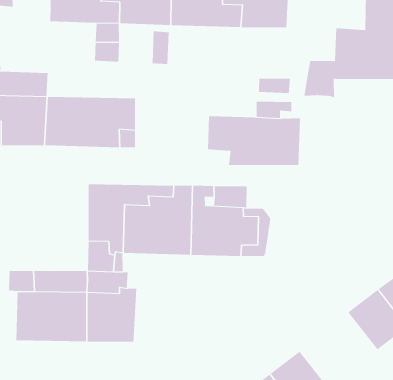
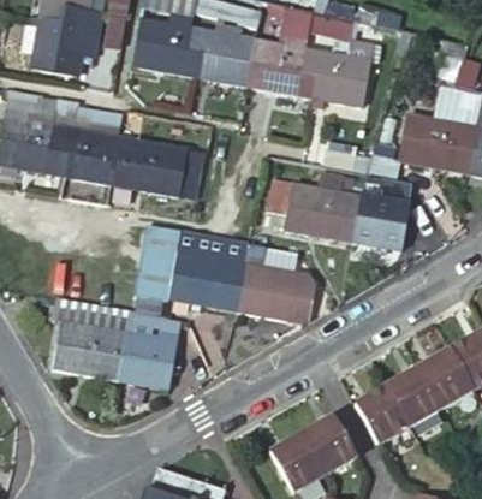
building: none -> [352,176,413,249]
building: none -> [346,390,400,448]

